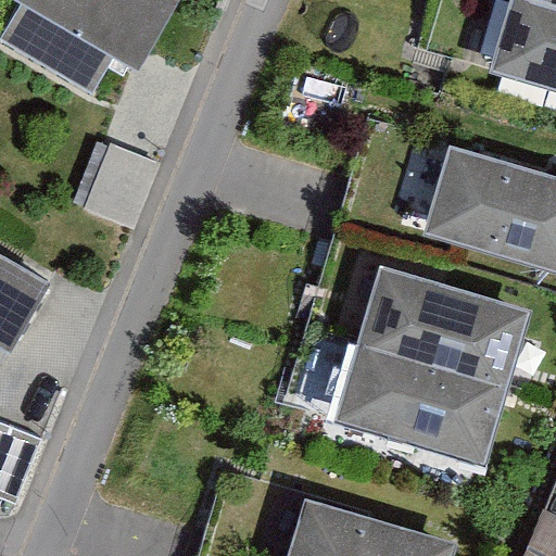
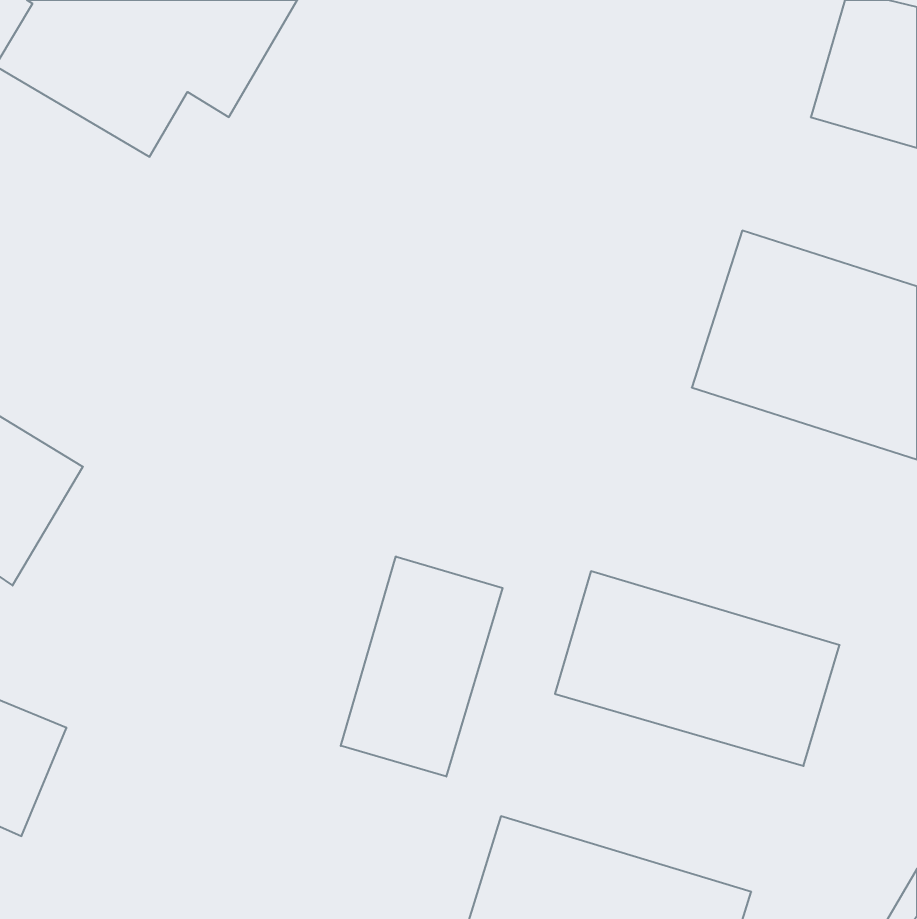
building: [81,144,159,231] -> none
building: [356,261,531,390] -> none
building: none -> [341,556,503,777]

